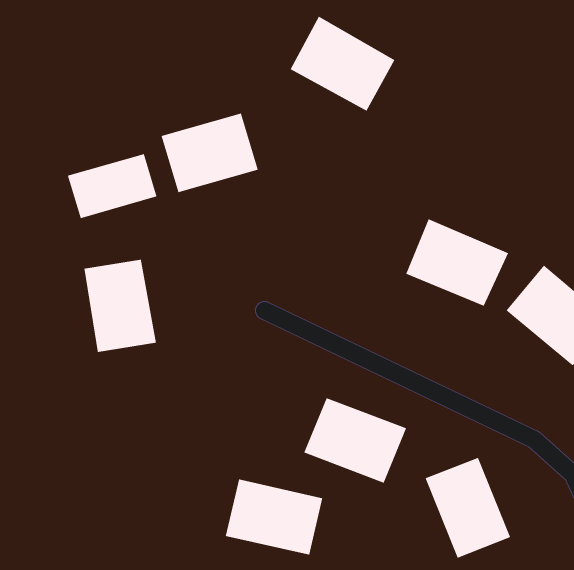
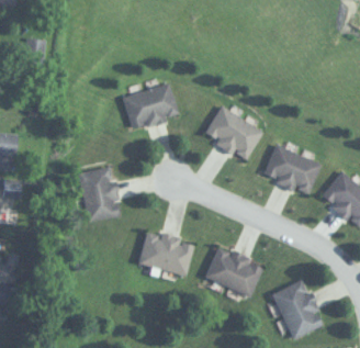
building: [290,16,396,112] -> [203,105,263,160]
building: [67,153,158,219] -> none
building: [225,479,323,556] -> [138,231,194,274]

